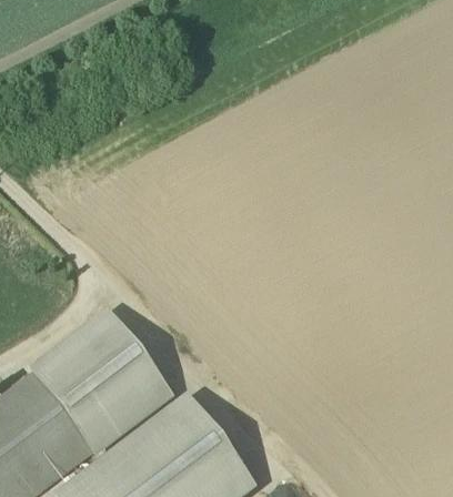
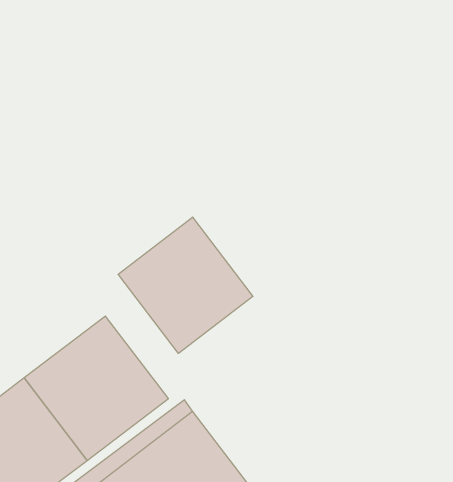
building: none -> [118,217,253,353]

